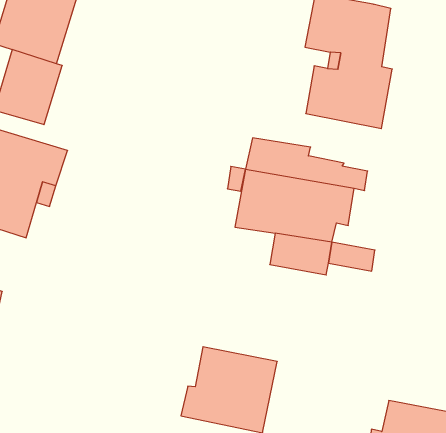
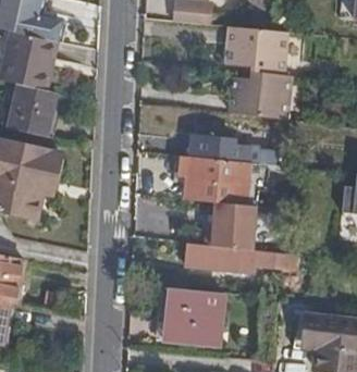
building: none -> [182,241,295,272]

